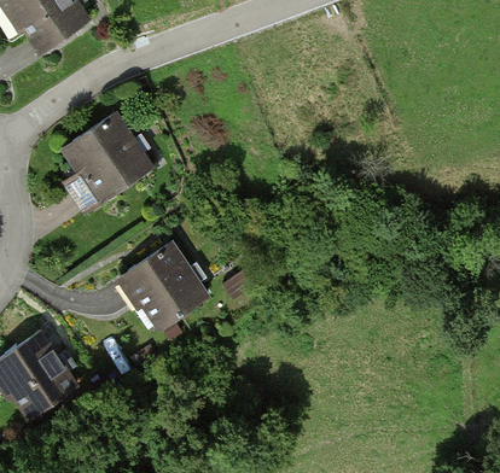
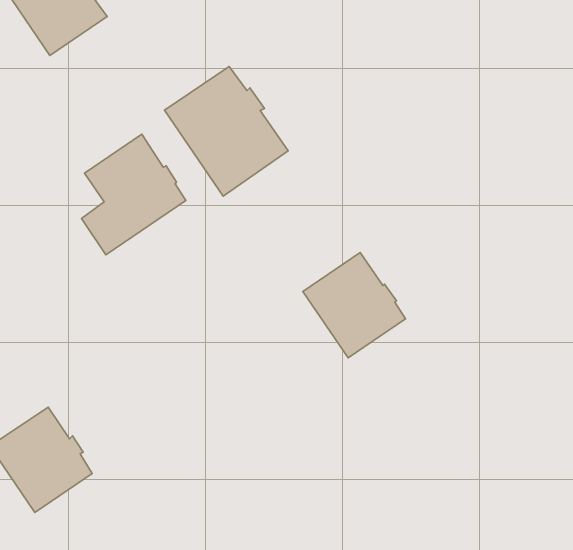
building: none -> [165,66,288,196]
building: [124,243,207,327] -> [303,252,406,358]

